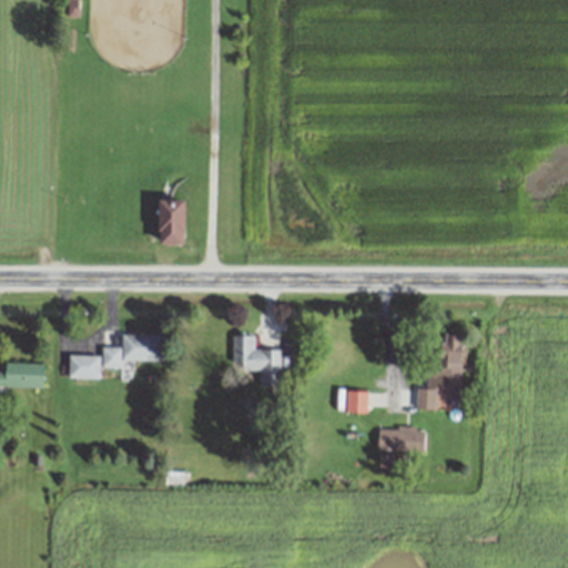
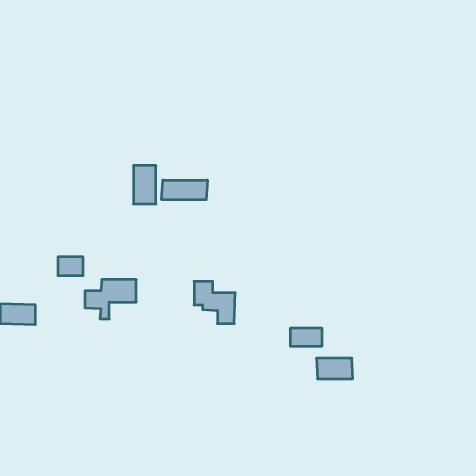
building: none -> [162,180,207,200]
building: [416,332,464,412] -> none
building: [69,356,99,378] -> [58,257,83,276]

